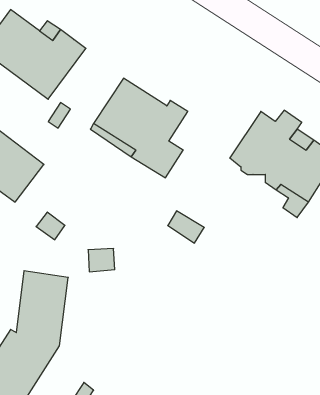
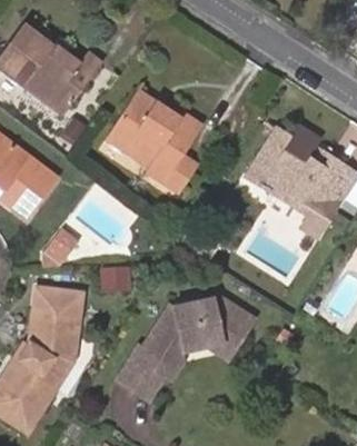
building: none -> [117,295,255,398]

